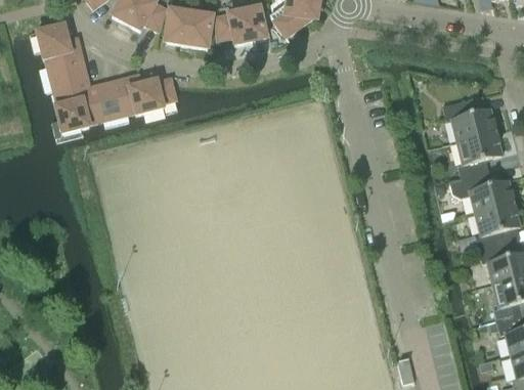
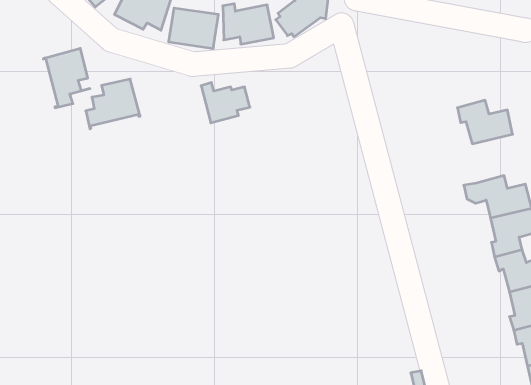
building: [37,25,80,58] -> none
building: [128,75,175,114] -> [201,83,250,123]
building: [51,87,93,140] -> none
building: [457,131,503,178] -> none

